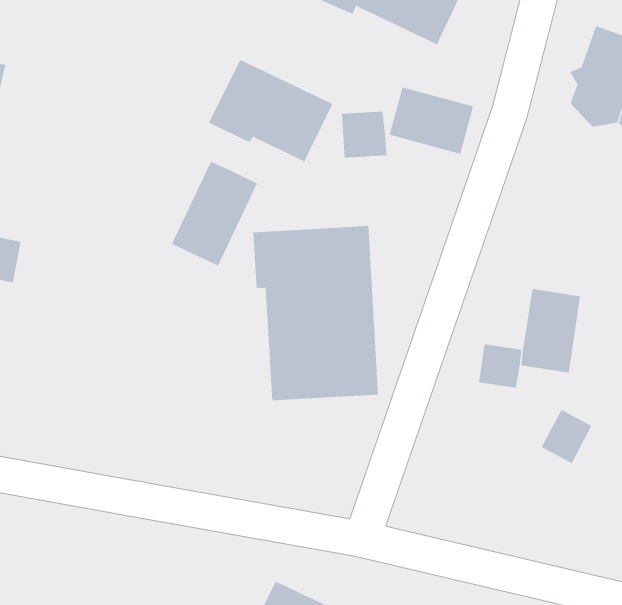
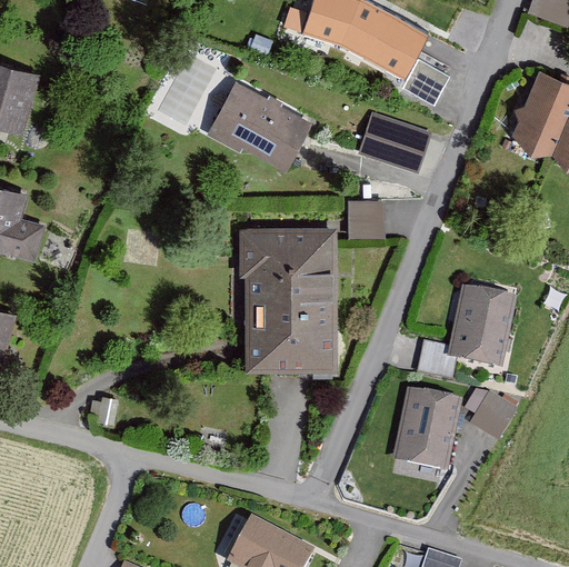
building: none -> [402,59,448,105]
building: [341,111,387,158] -> [348,200,385,238]
building: [171,161,258,267] -> none
building: none -> [393,390,461,472]

